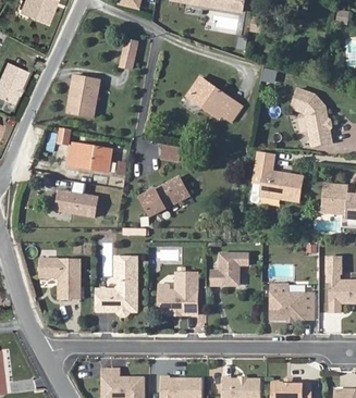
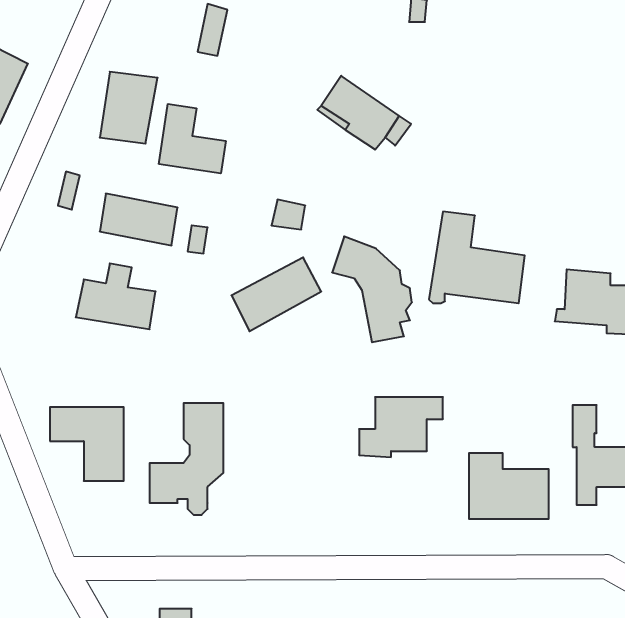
building: [289,88,332,146] -> [332,236,412,342]
building: none -> [159,104,226,173]
building: [158,273,196,314] -> none

